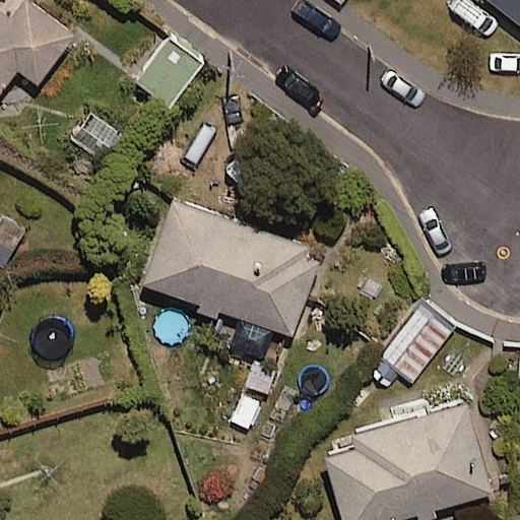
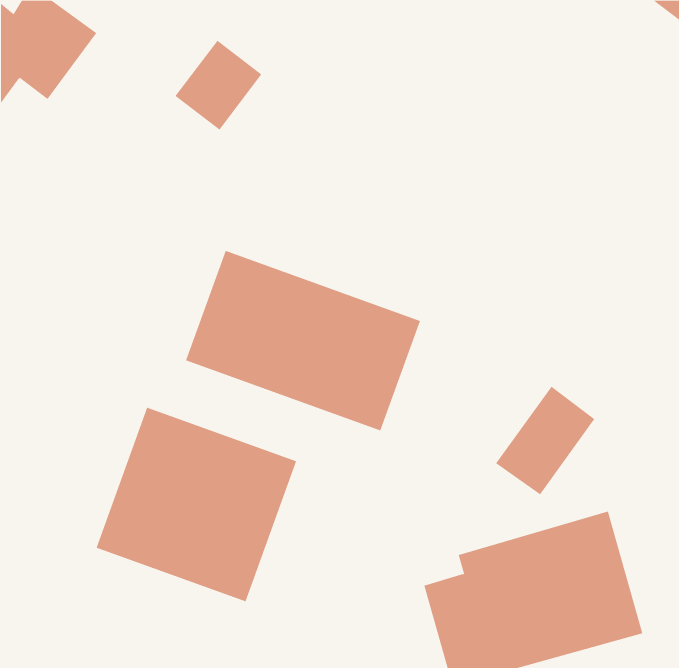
building: none -> [96,407,297,602]

